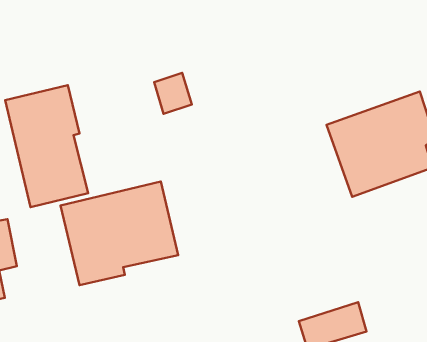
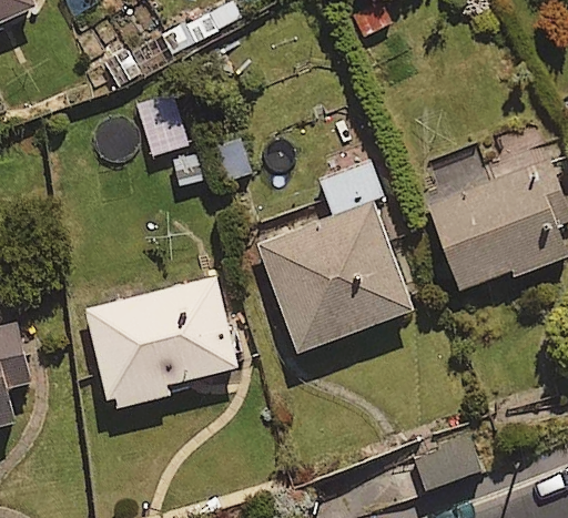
building: [5,85,88,207] -> none
building: none -> [257,158,413,353]

